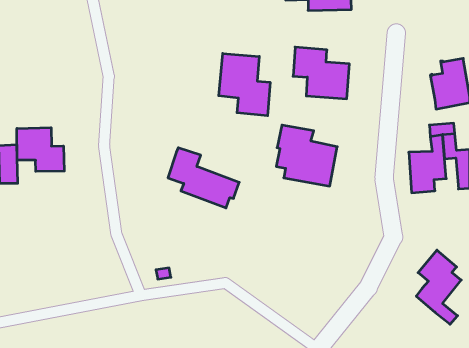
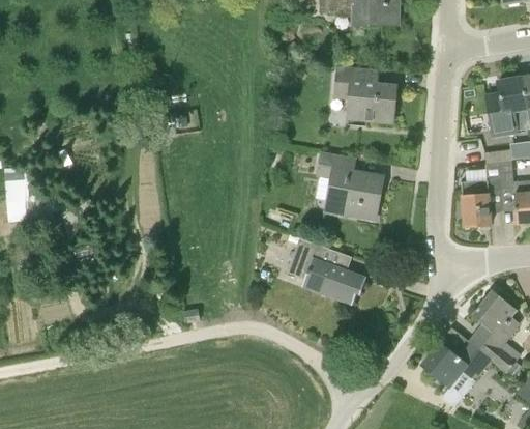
building: [219,53,270,116] -> none
building: [17,128,64,171] -> none
building: [168,148,239,208] -> [288,238,366,305]
building: none -> [421,341,491,387]

